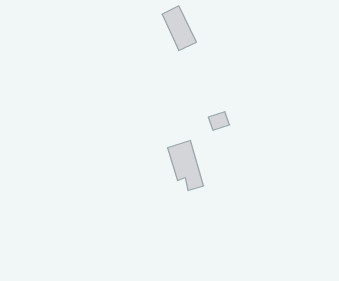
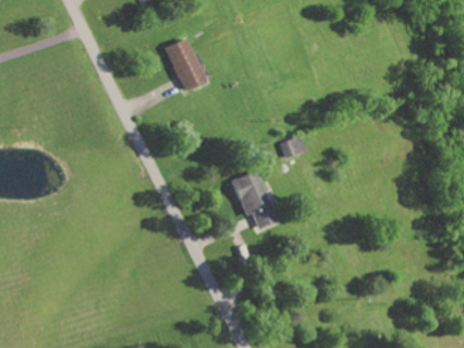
building: [162,6,196,50] -> [164,38,205,91]

